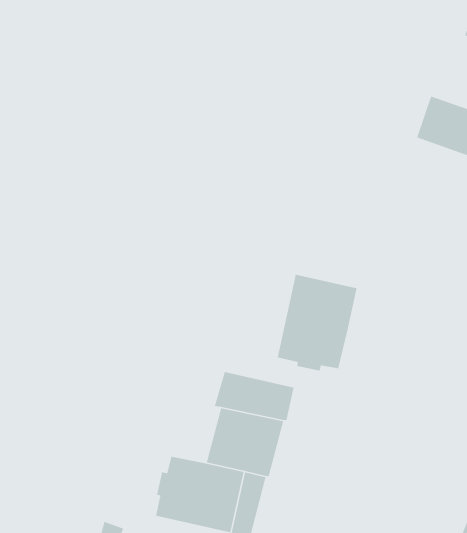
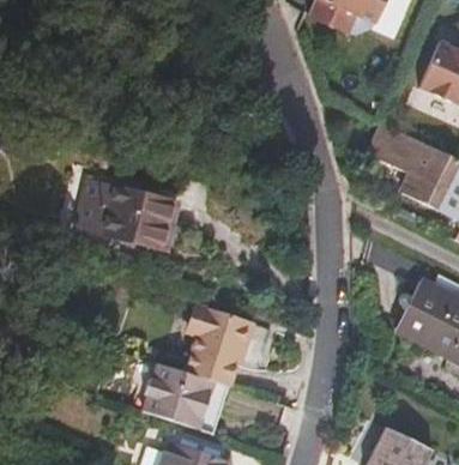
building: none -> [76,180,173,250]
building: [277,274,358,372] -> none

